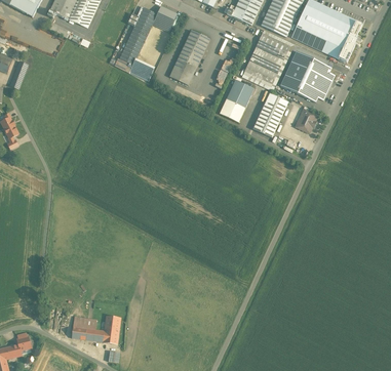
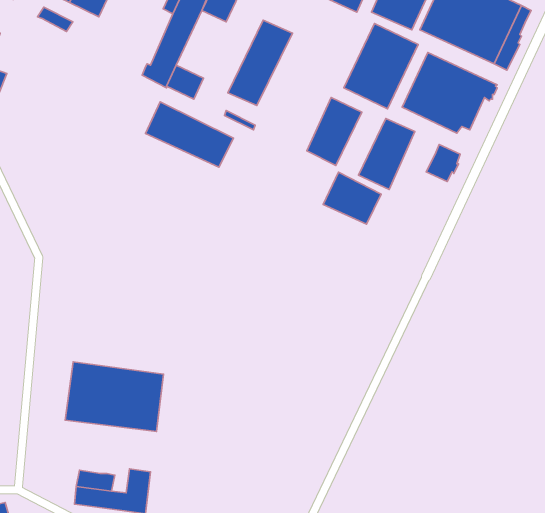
building: none -> [145,102,234,167]
building: none -> [323,172,381,224]
building: none -> [65,362,164,431]

